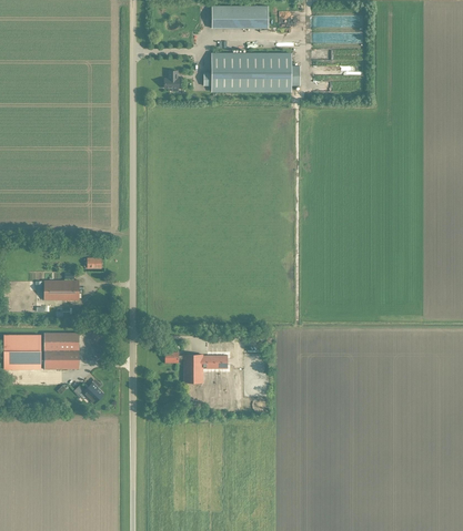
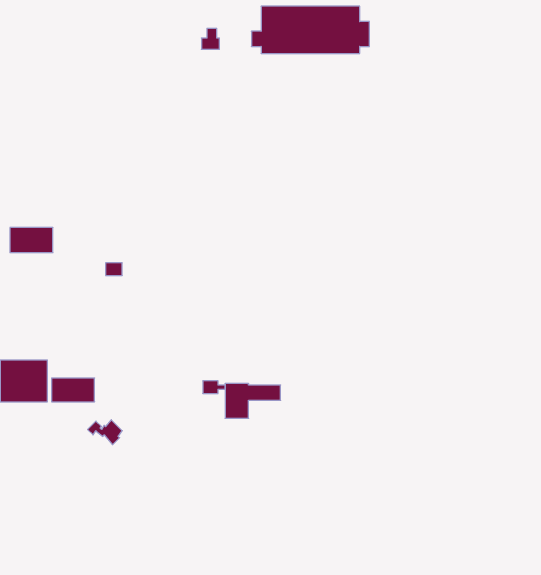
building: [44,280,79,300] -> [10,228,53,253]
building: [44,333,79,350] -> none

